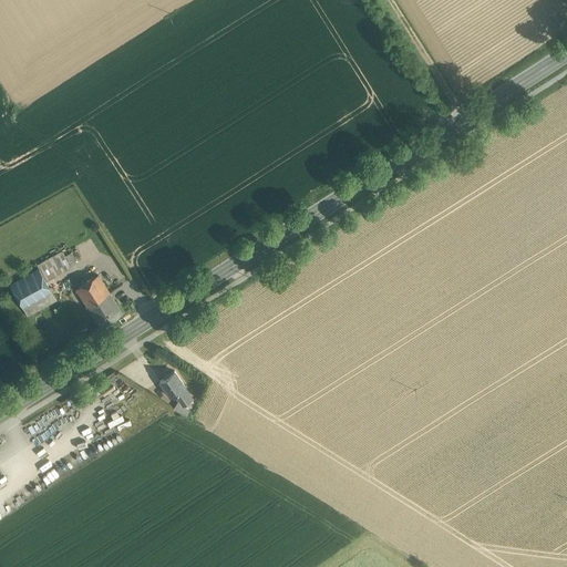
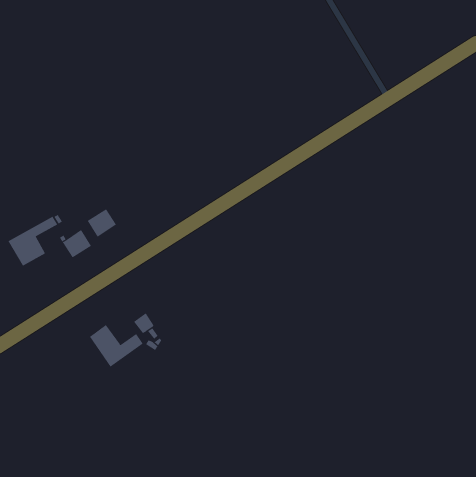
building: [85,291,121,326] -> [87,209,117,238]
building: none -> [89,324,143,367]

